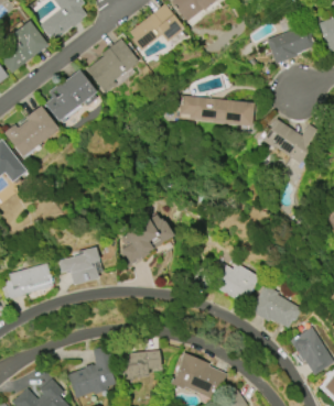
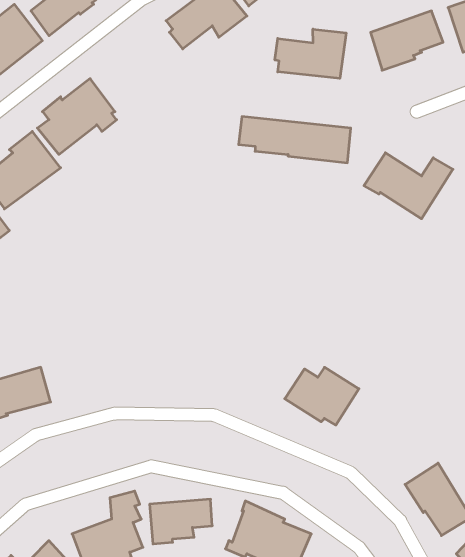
building: none -> [275,29,346,78]
building: [88,39,140,94] -> none
building: [122,210,175,263] -> none
building: [60,248,103,284] -> none
building: [250,285,303,329] -> none

